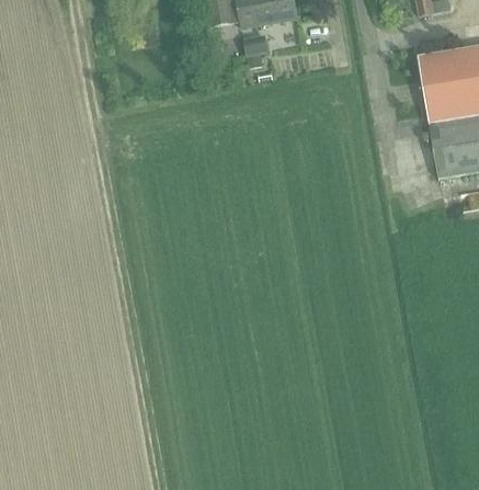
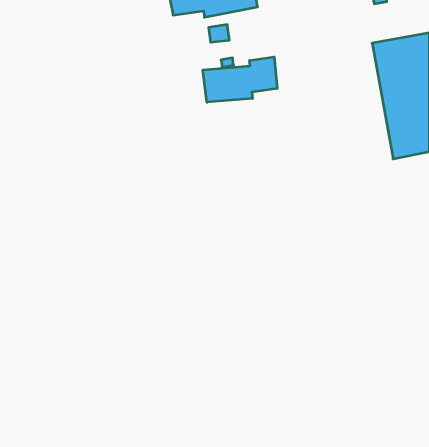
building: none -> [203,57,277,102]

